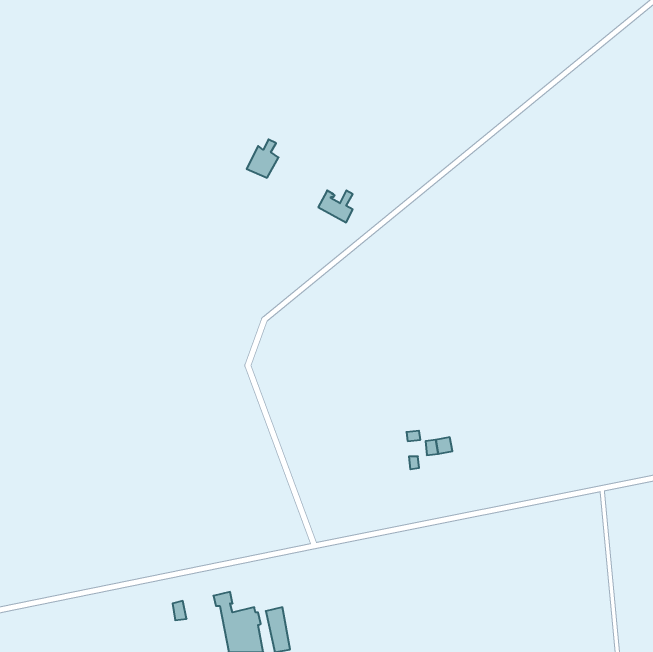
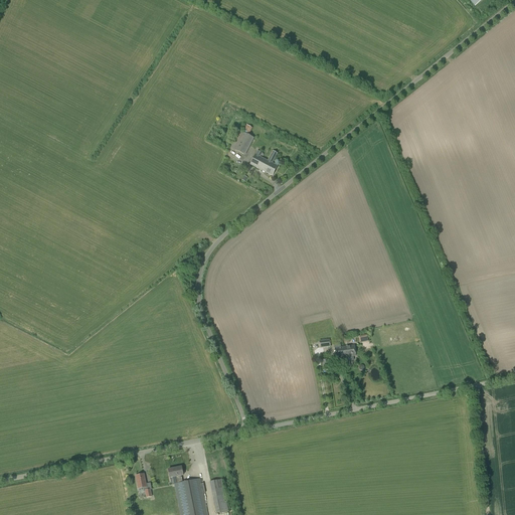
building: [247,139,279,178] -> [229,124,254,154]

